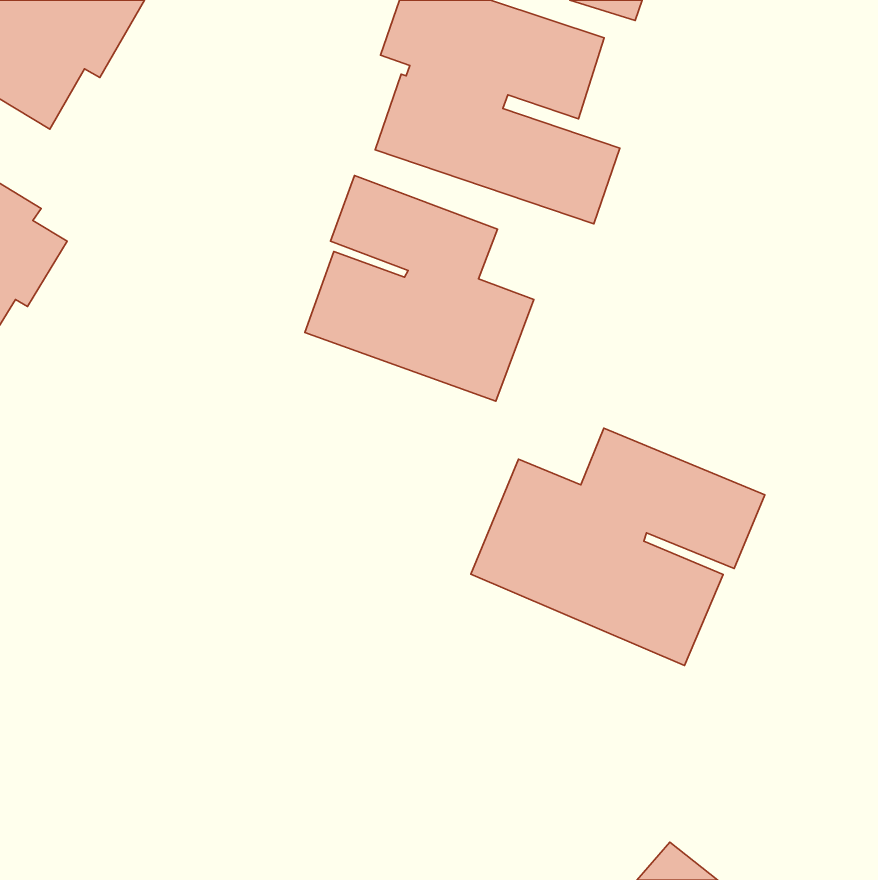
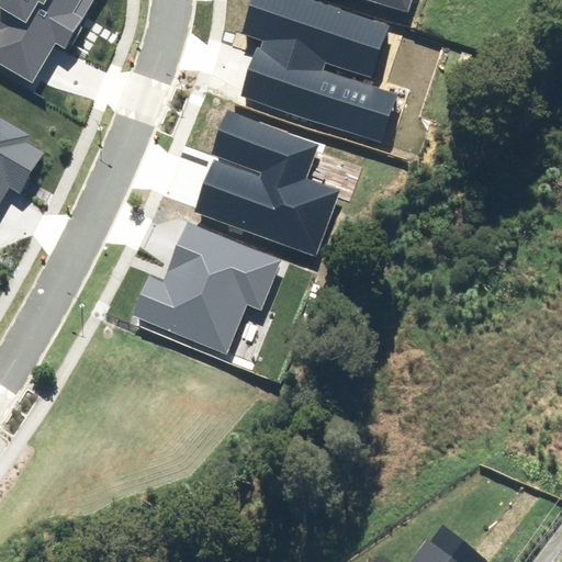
building: none -> [133,223,282,355]
building: [471,428,765,666] -> none

